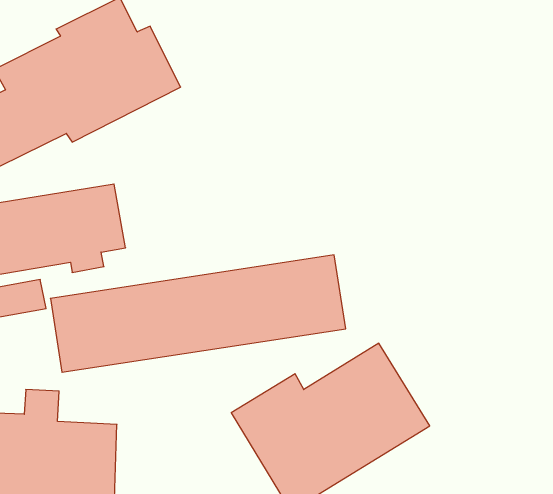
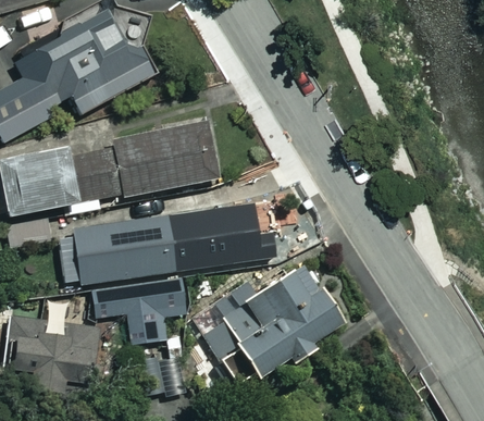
building: none -> [107,121,220,198]
building: none -> [91,275,189,345]

